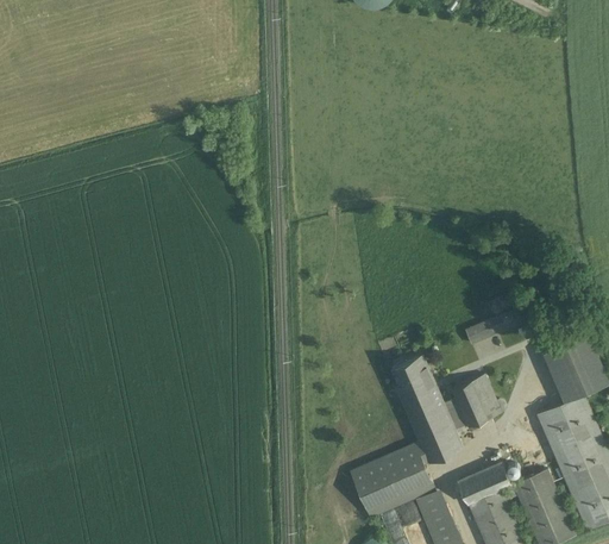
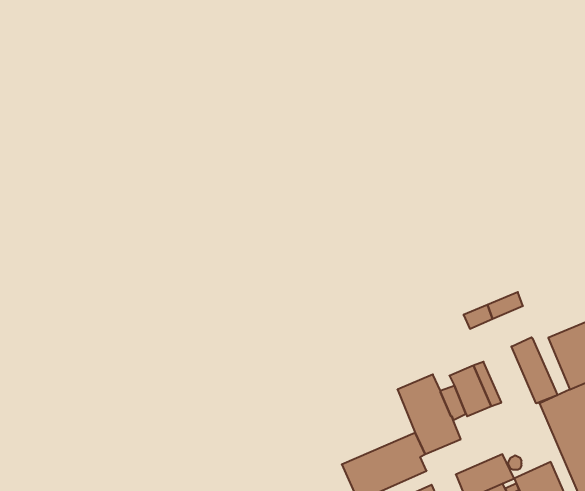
building: none -> [511,337,557,403]
building: [396,355,437,401] -> none

